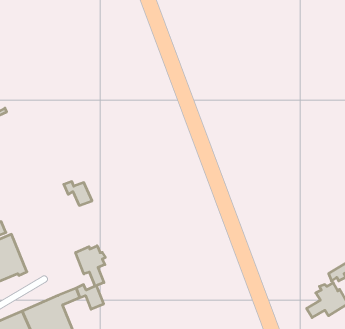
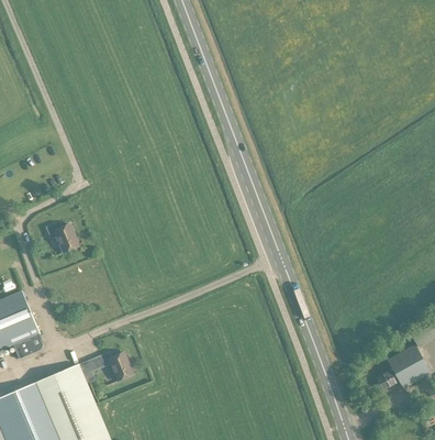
building: [64,182,92,205] -> [45,223,79,252]
building: [76,246,105,286] -> none

